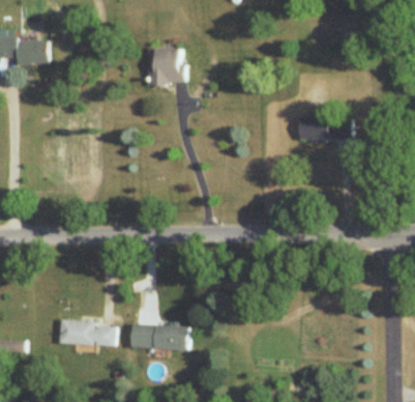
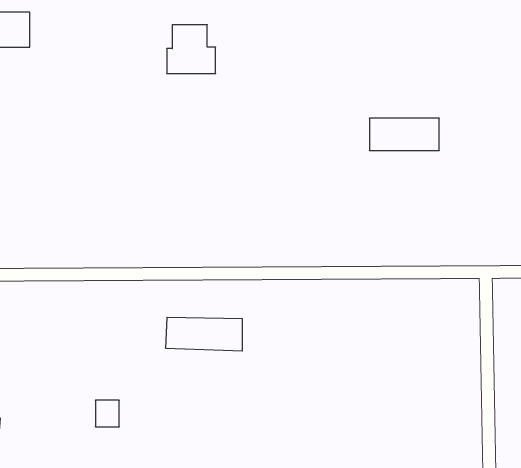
building: [60,319,95,344] -> none
building: [131,324,188,349] -> [165,317,242,351]

